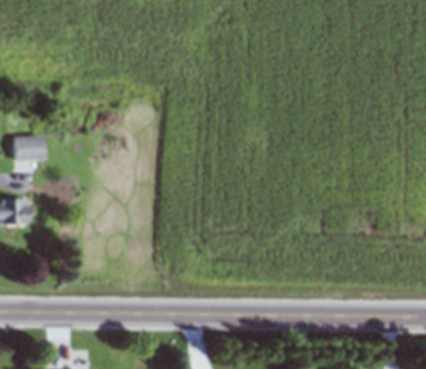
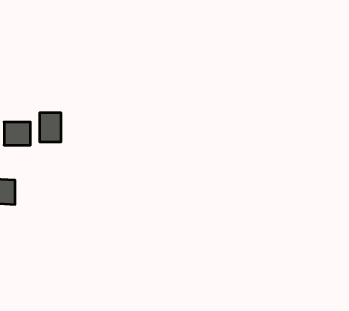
building: none -> [40,113,61,142]

